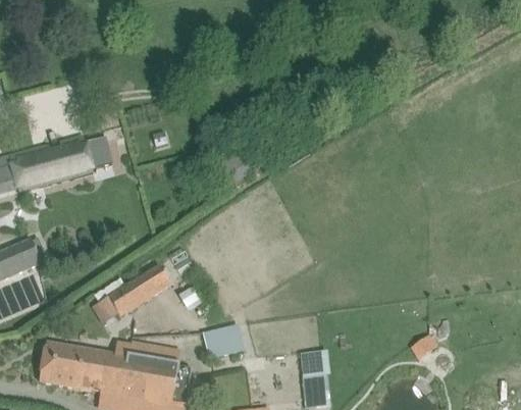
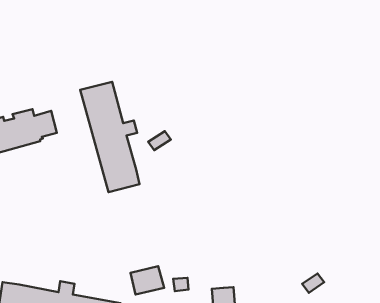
building: none -> [80,82,140,192]
building: [105,263,169,316] -> none

